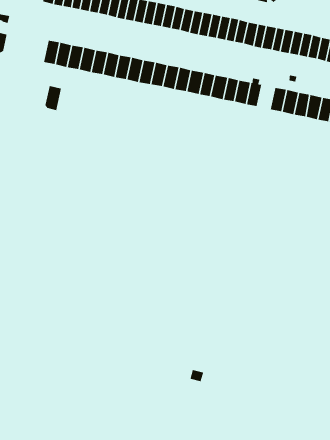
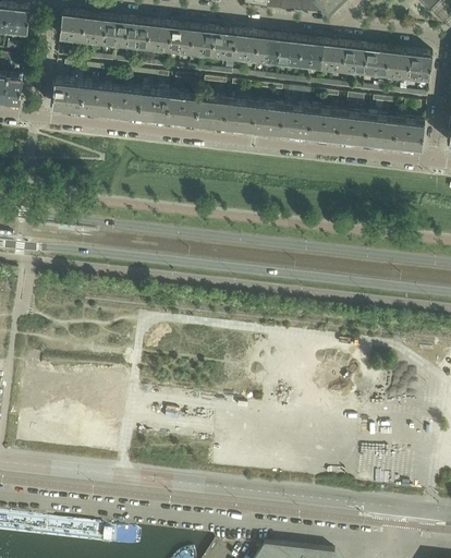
building: none -> [321,113,340,143]
building: [44,85,62,111] -> [52,83,71,112]

